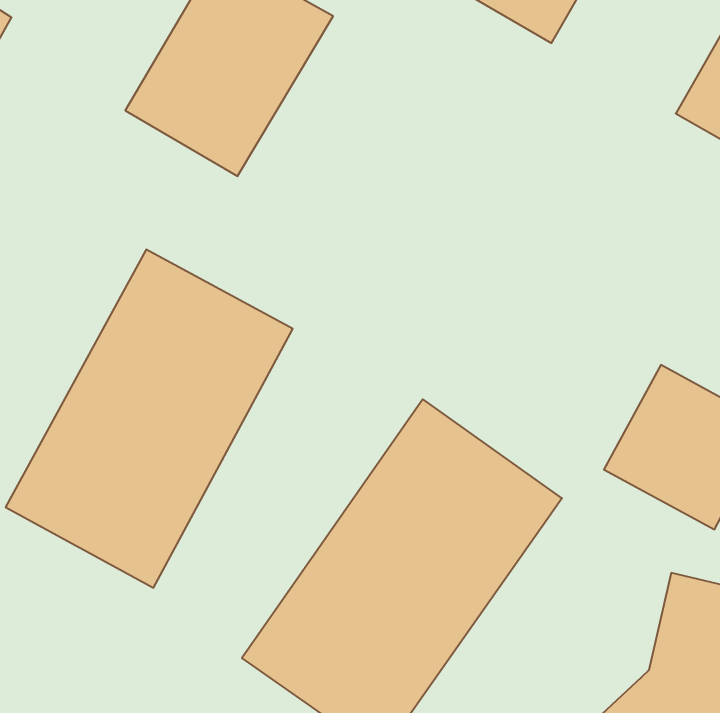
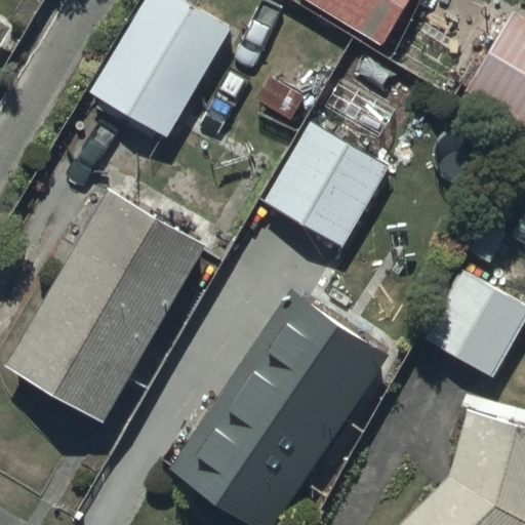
building: none -> [264,80,389,248]

